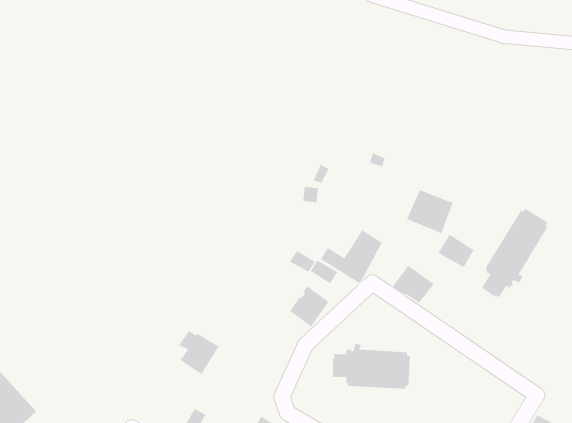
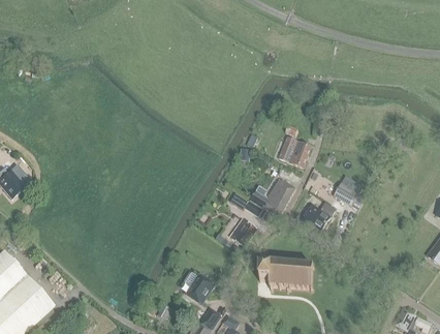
building: [406,189,454,234] -> [278,135,311,166]
building: [481,208,548,298] -> none
building: [178,330,220,375] -> [185,272,214,303]

